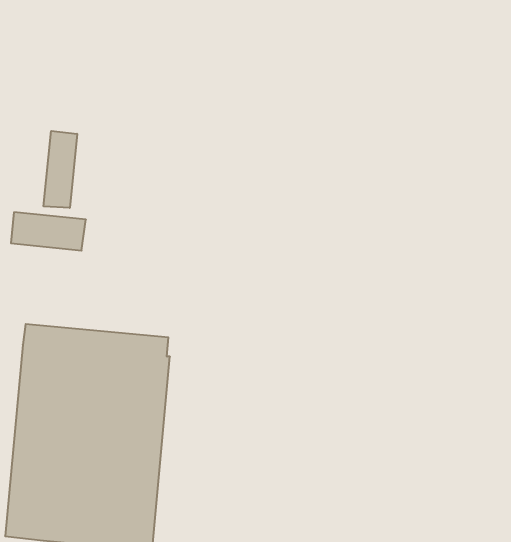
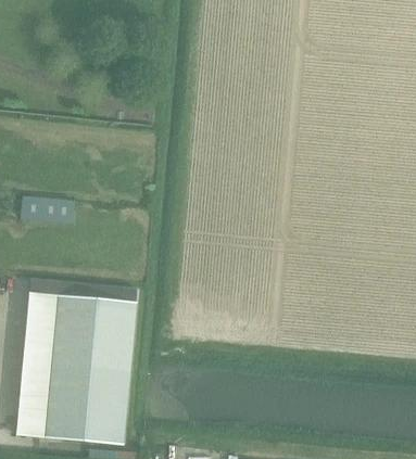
building: [44,131,77,208] -> none

